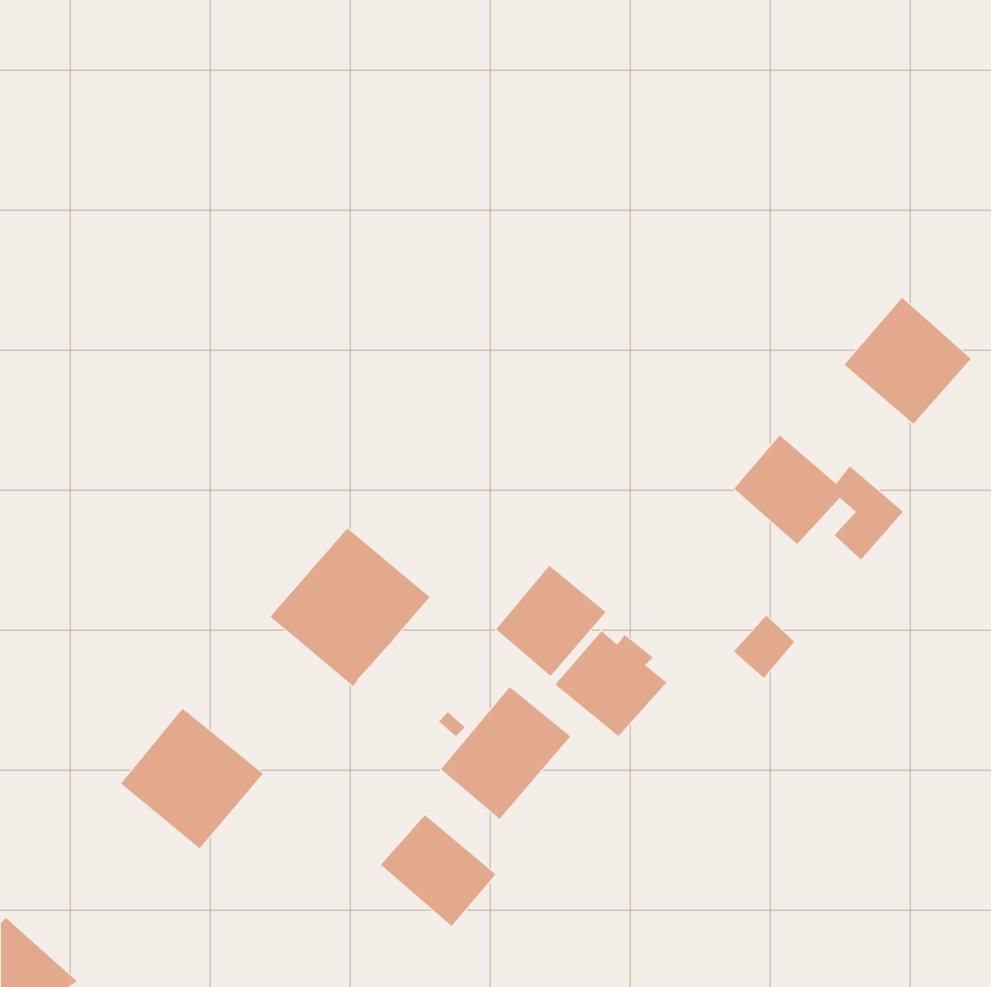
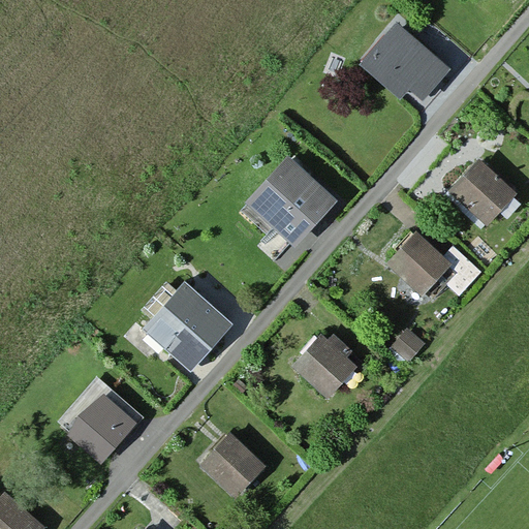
building: none -> [362,25,448,99]
building: none -> [247,151,337,237]
building: [495,565,607,677] -> none
building: [440,686,571,820] -> none

